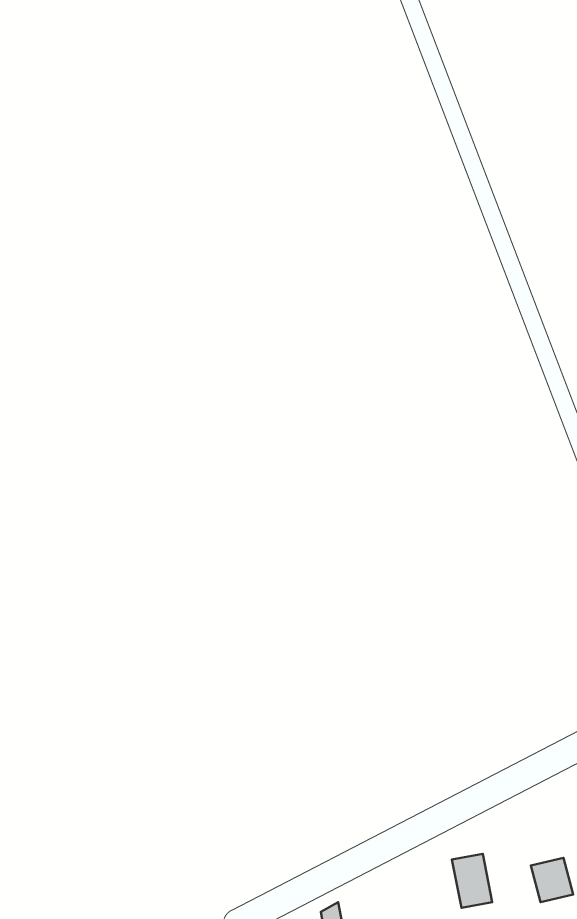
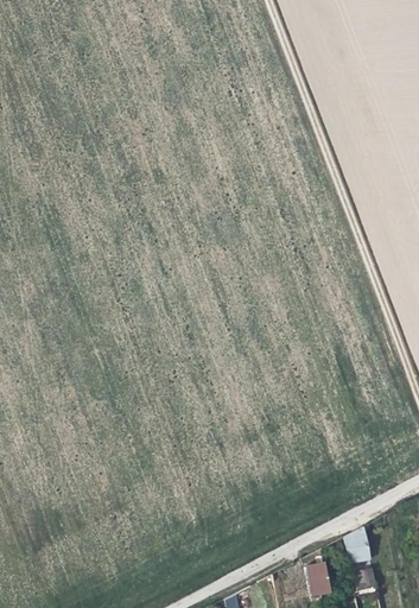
building: none -> [343,526,370,563]

